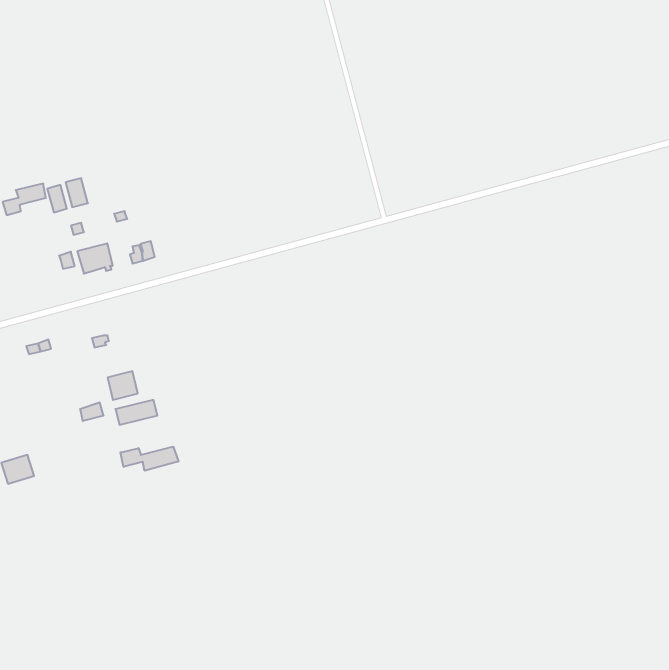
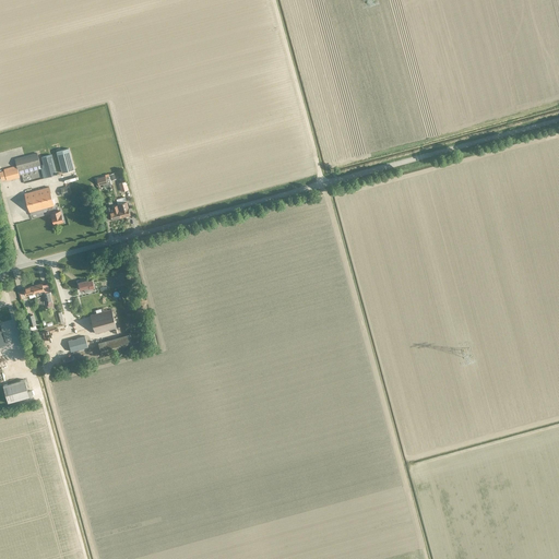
building: [77,243,113,274] -> [23,187,52,212]
building: [120,447,178,471] -> none

